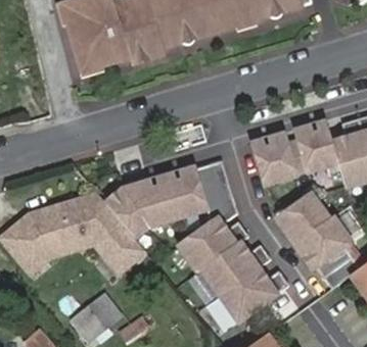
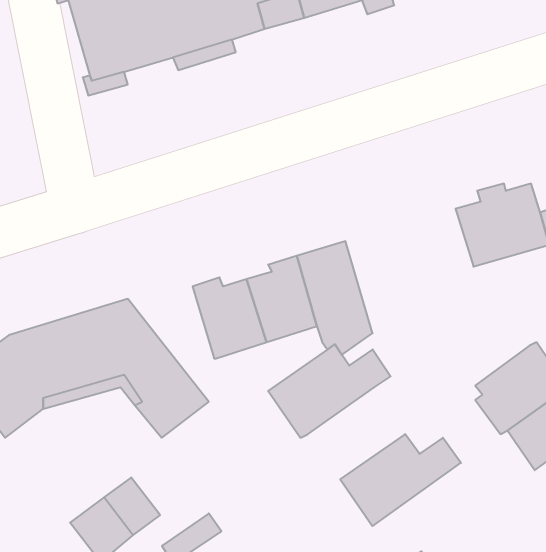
building: [257,135,296,183] -> none
building: [108,185,149,236] -> none
building: [277,195,328,241] -> none
building: [202,242,271,294] -> none

